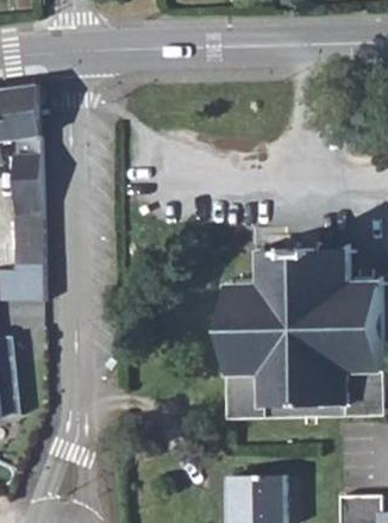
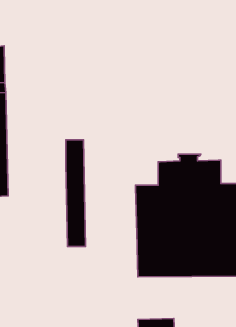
building: none -> [66,140,86,247]

